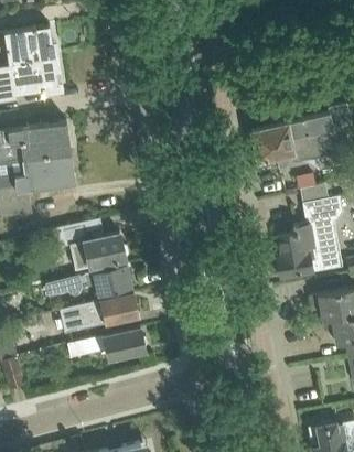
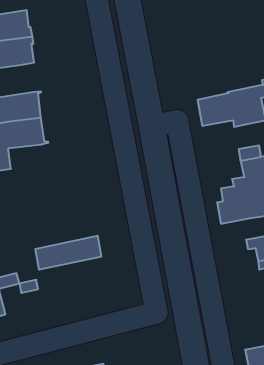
building: [50,219,126,270] -> none
building: [45,263,132,295] -> none
building: [67,327,146,359] -> none

